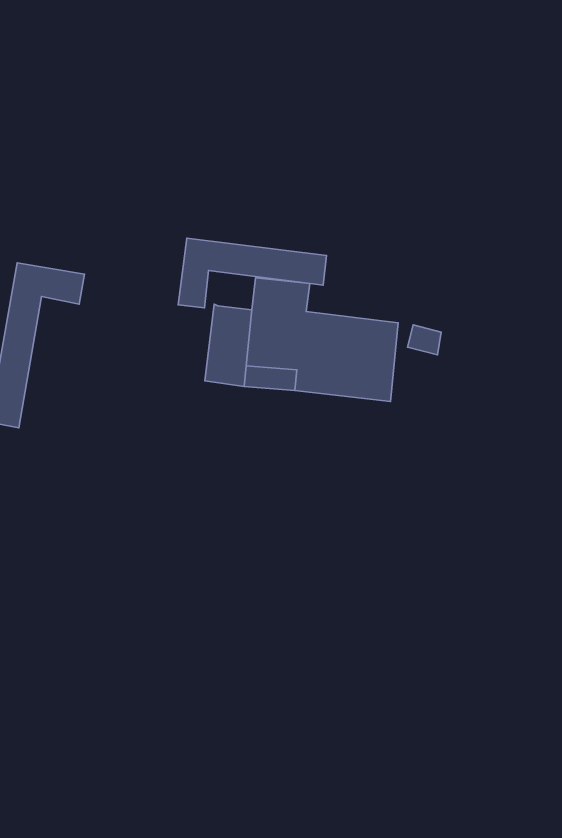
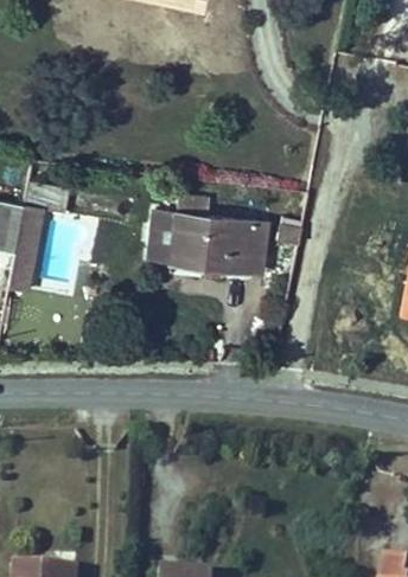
building: [178,238,327,308] -> none

